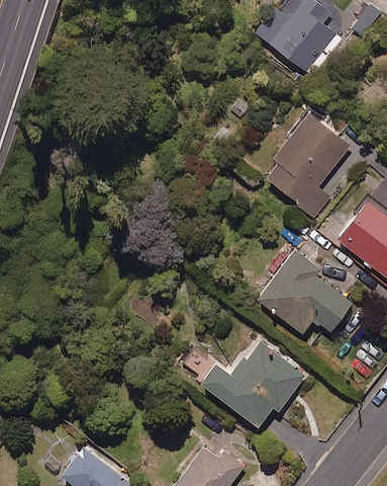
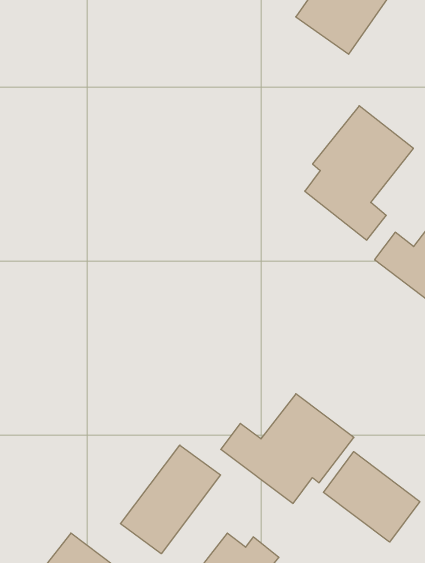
building: [257,249,352,332] -> none
building: none -> [120,445,221,554]
building: none -> [323,452,420,542]

